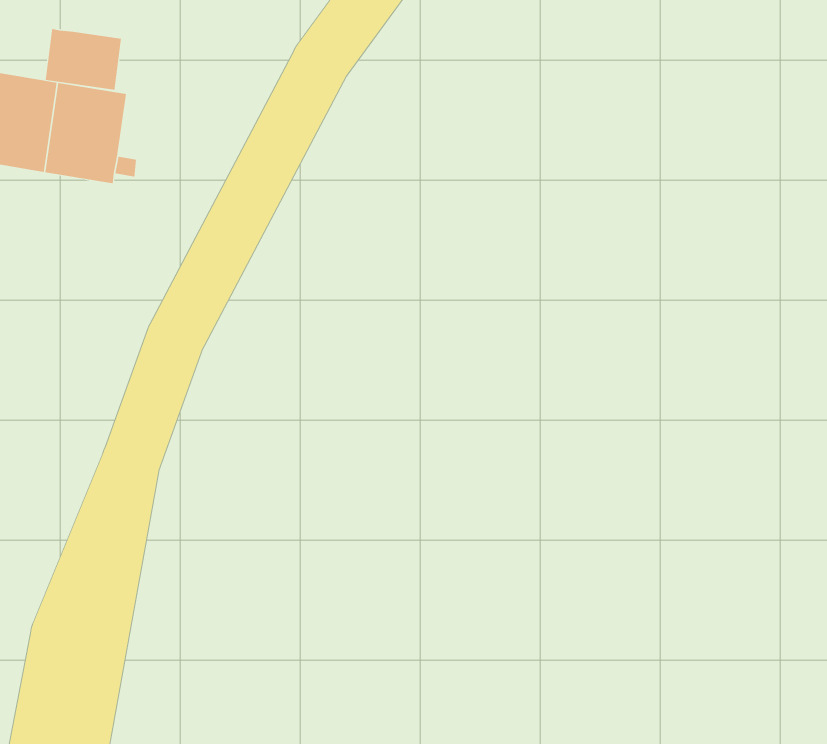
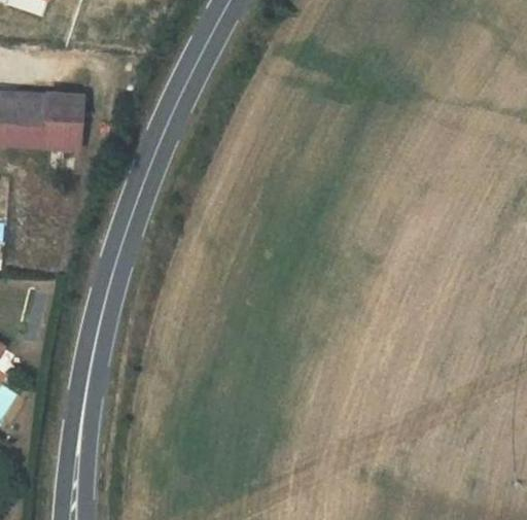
building: [45,28,121,91] -> none

